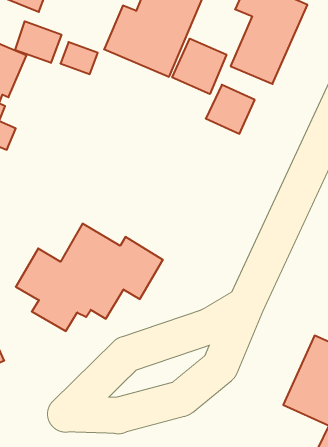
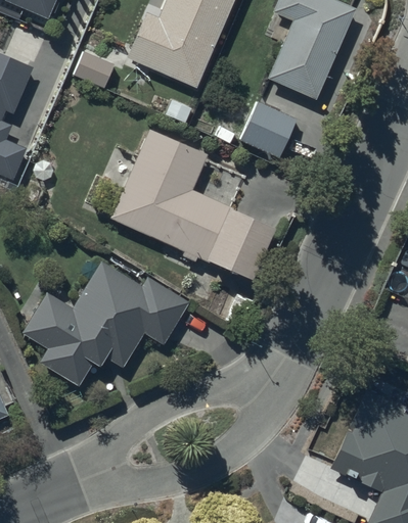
building: [15,21,61,63] -> none
building: [172,39,226,94] -> none
building: none -> [107,129,280,283]

